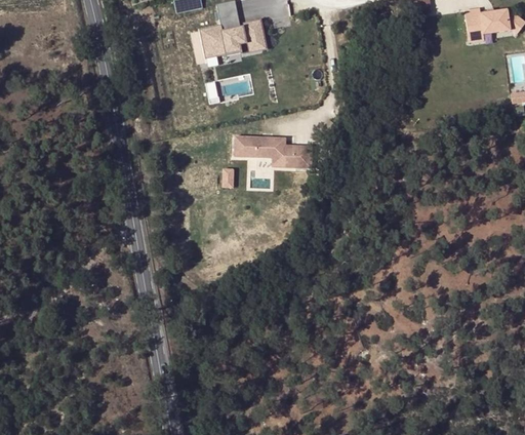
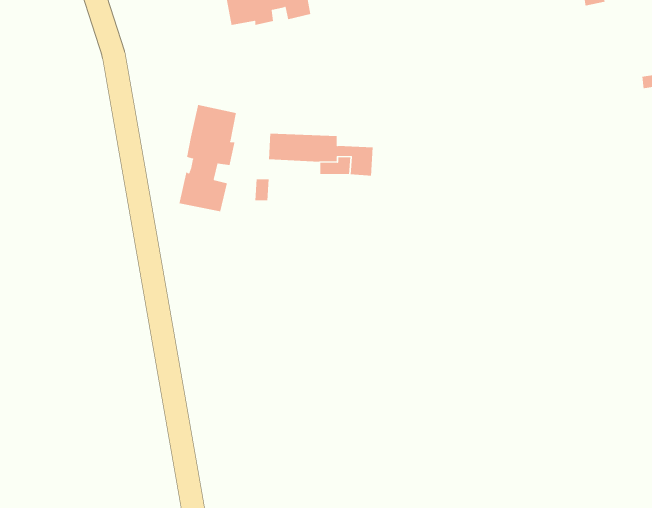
building: none -> [179,104,236,212]

